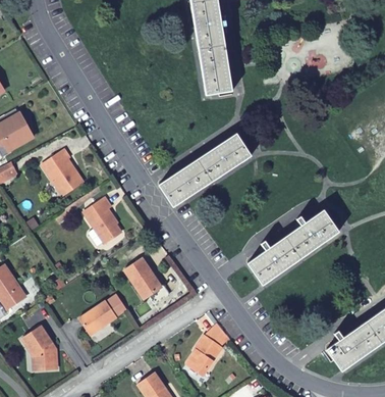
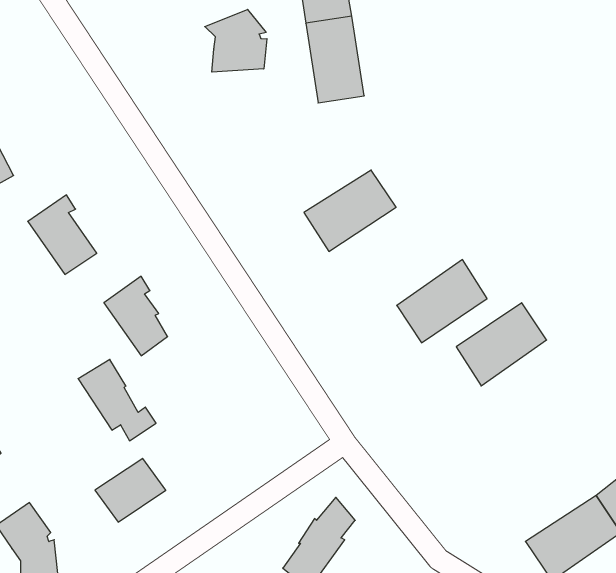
building: none -> [205,9,267,72]
building: [159,158,212,205] -> none
building: [248,236,299,284] -> [397,260,487,343]
building: [122,256,167,303] -> [78,359,156,441]

